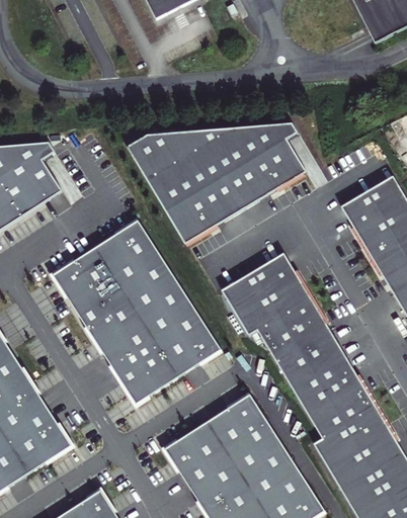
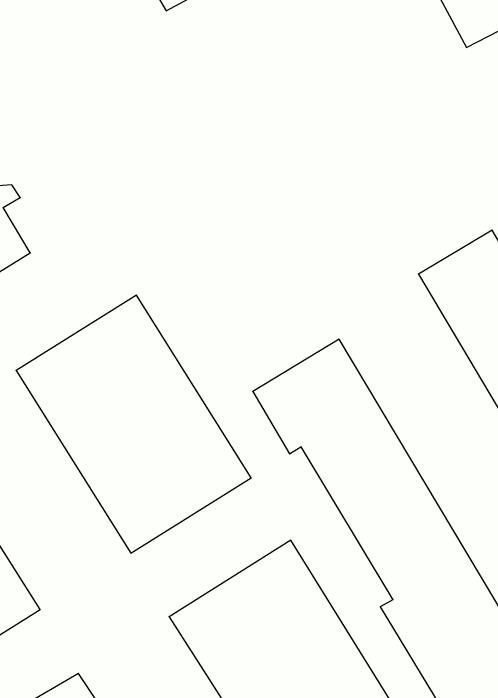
building: [127,117,307,242] -> none

